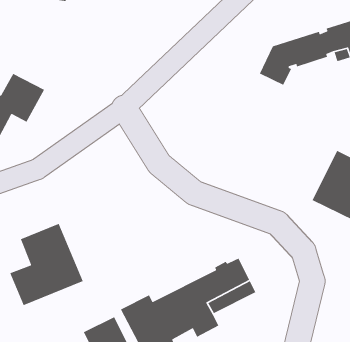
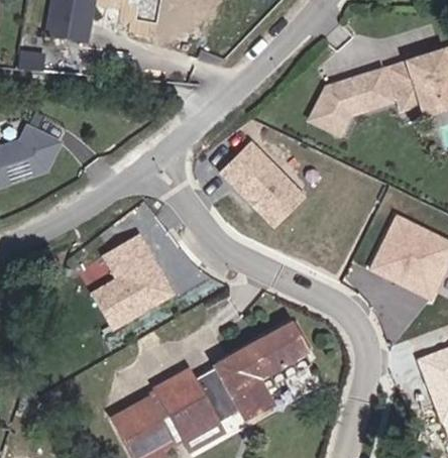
building: none -> [217,138,306,227]
building: [9,223,84,306] -> [88,232,174,328]

